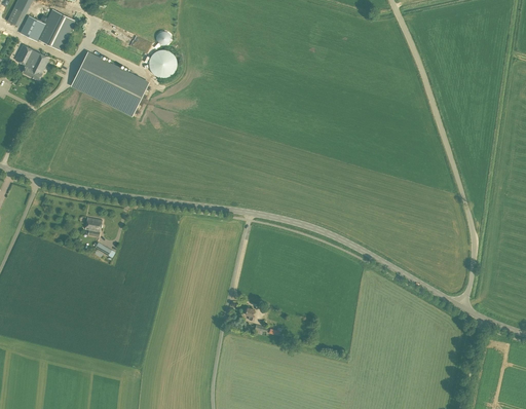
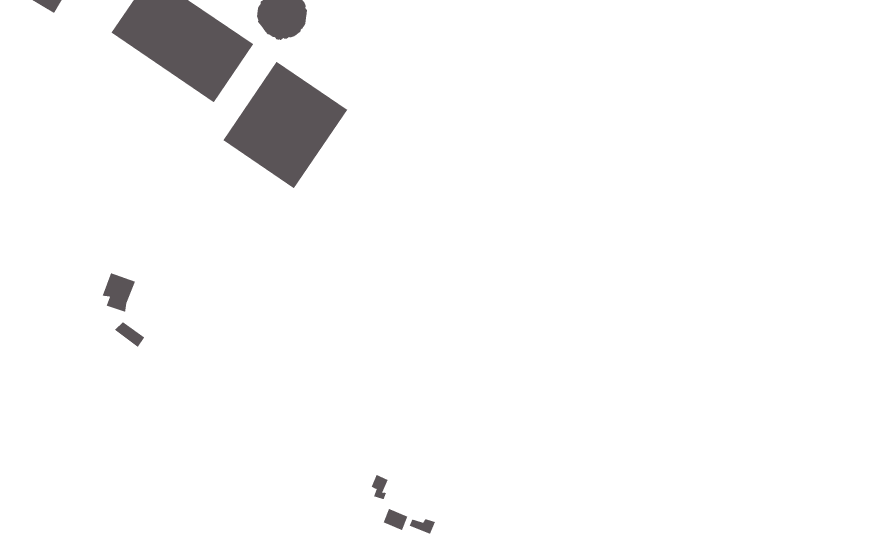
building: none -> [222,61,348,189]

